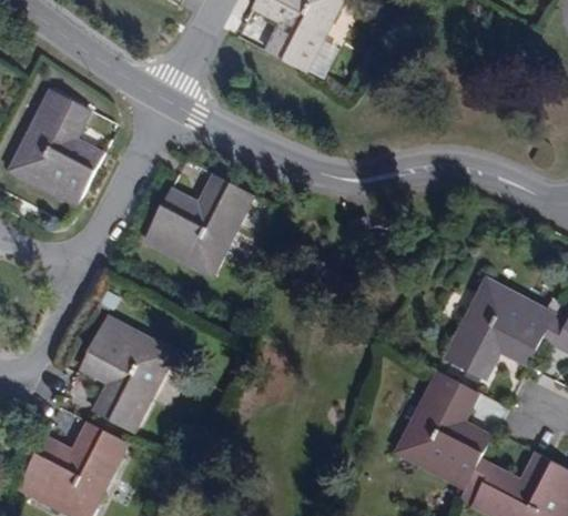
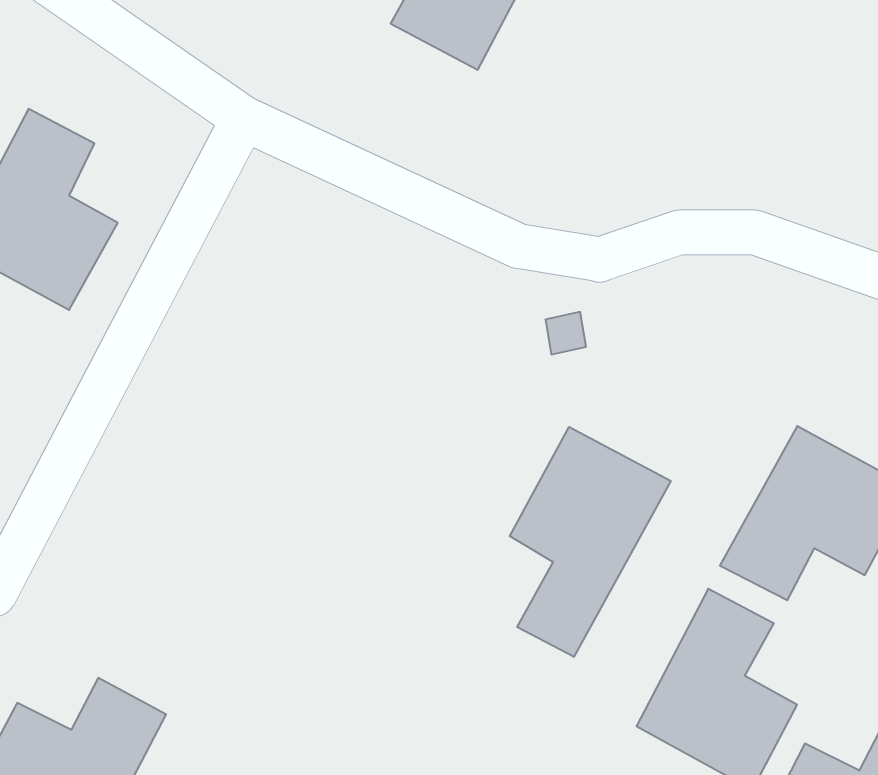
building: [139,170,248,272] -> none
building: none -> [510,427,671,657]
building: [82,314,176,432] -> none

